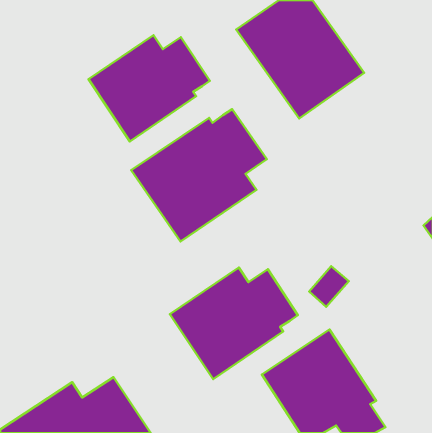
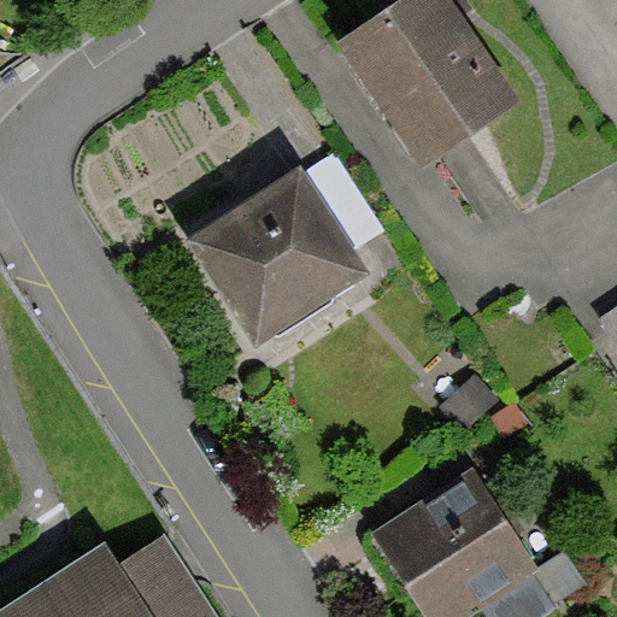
building: [89,35,210,141] -> none
building: [170,268,298,379] -> none

